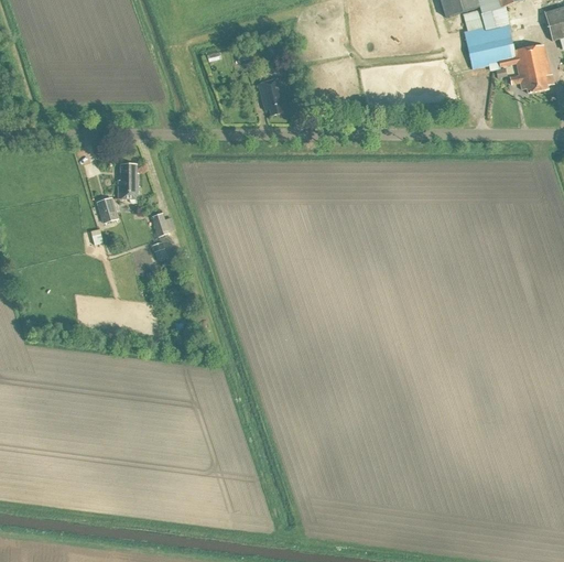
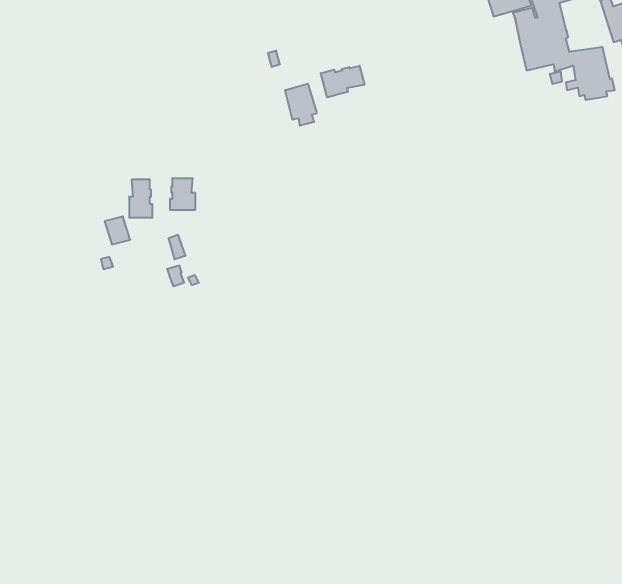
building: none -> [321,66,364,97]
building: none -> [170,178,195,210]

